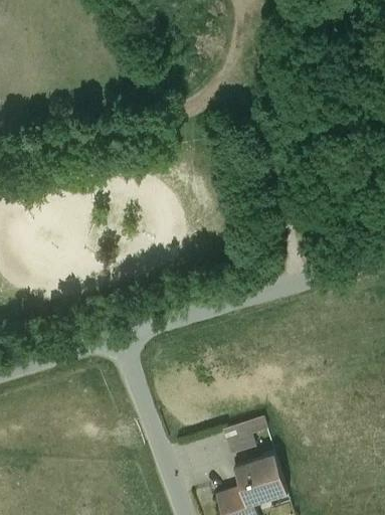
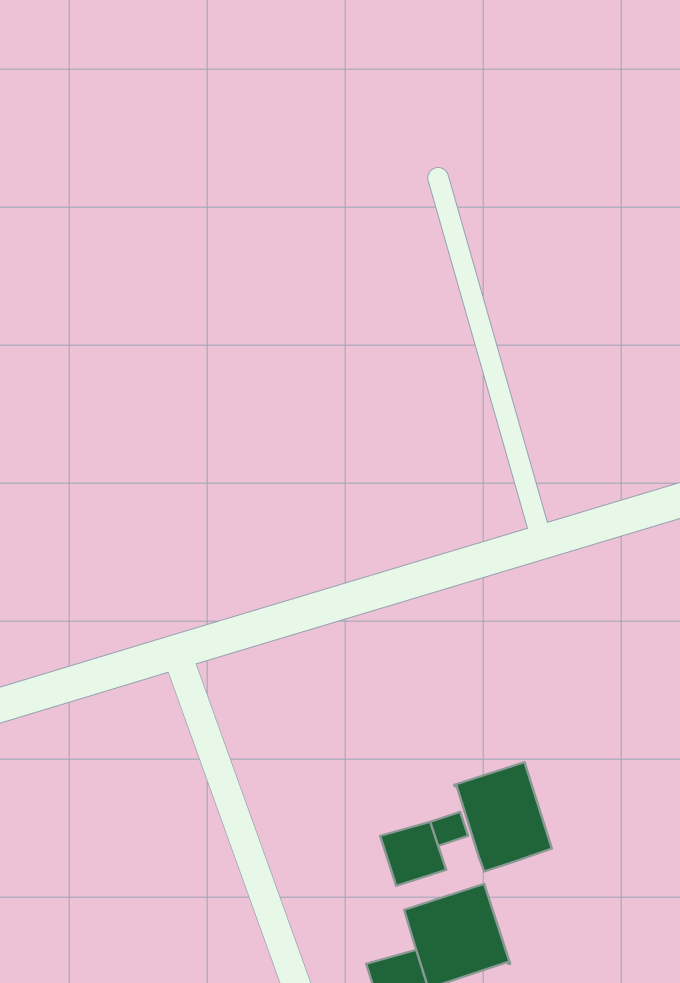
building: none -> [454,762,552,872]

